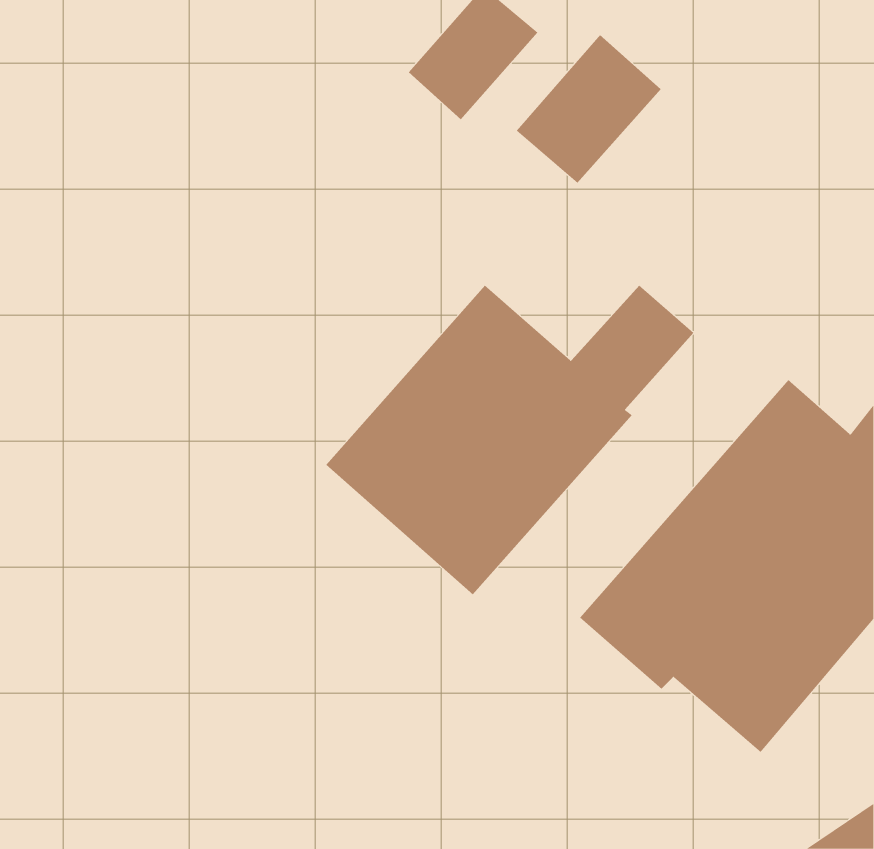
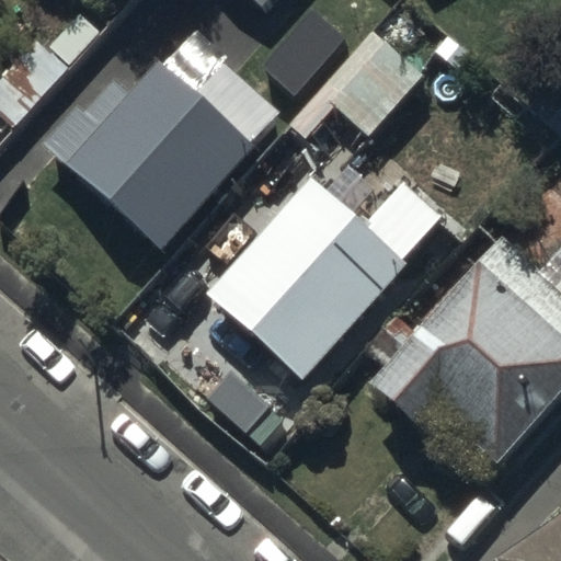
building: none -> [42,61,283,250]

